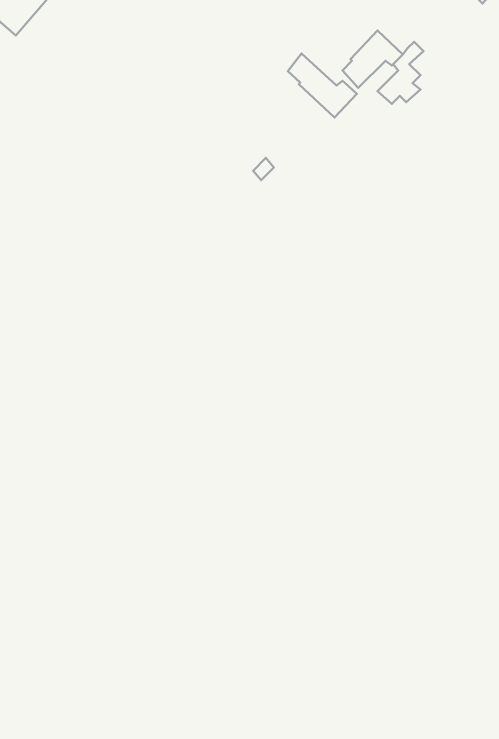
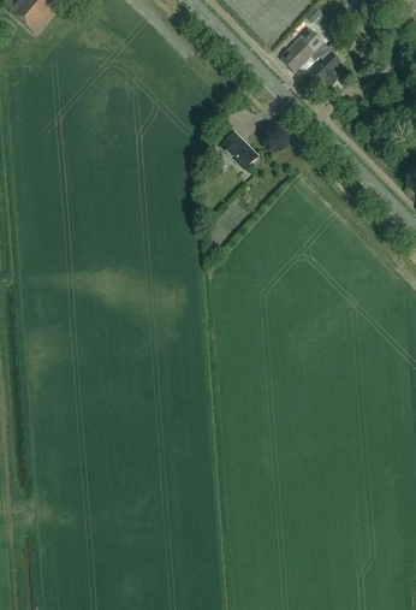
building: [288,54,357,118] -> none
building: none -> [220,130,258,168]

